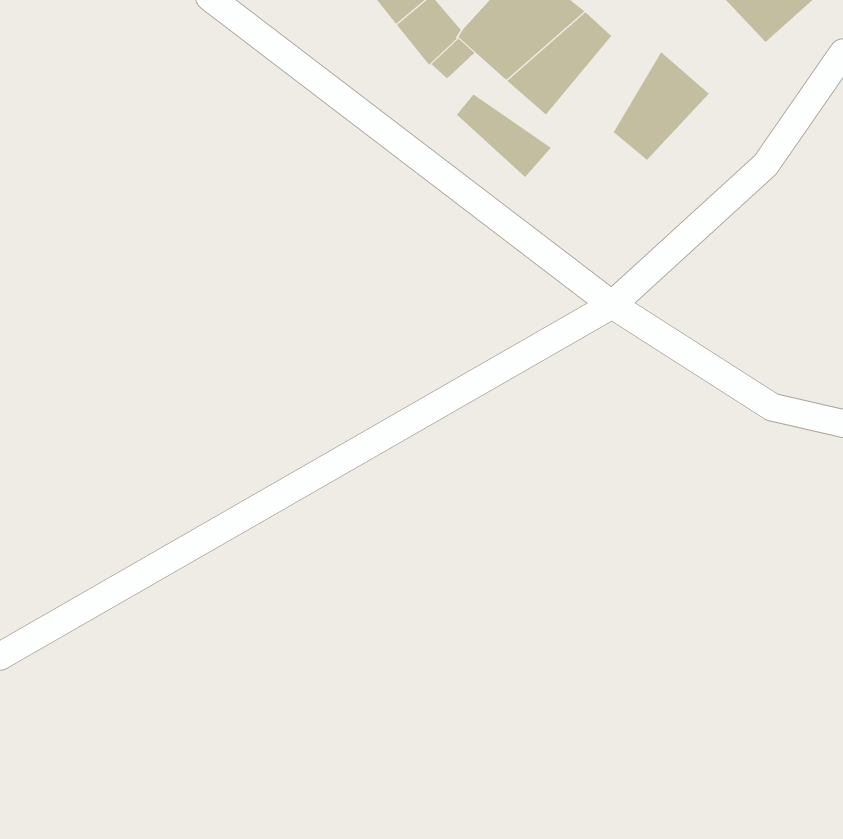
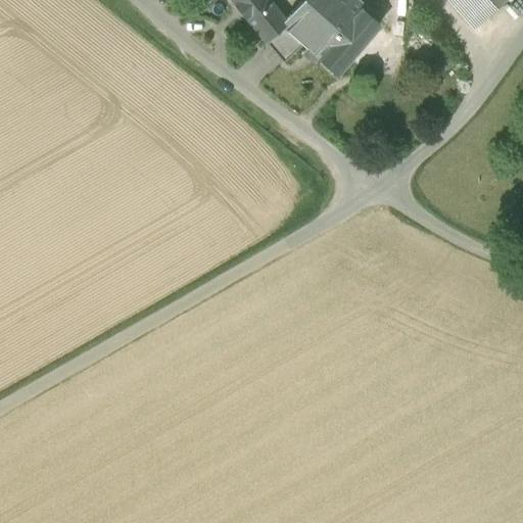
building: [613,51,710,161] -> none
building: [456,93,552,178] -> none

